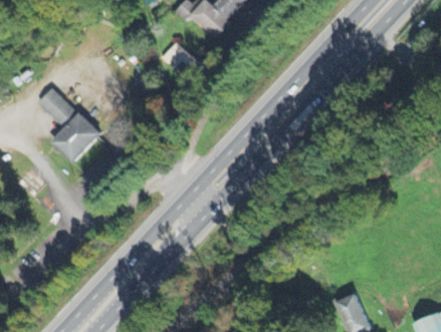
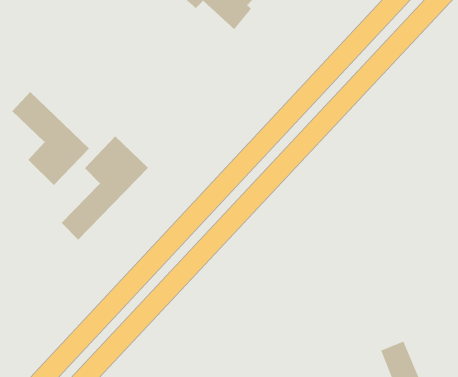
building: [159,41,197,78] -> none
building: none -> [61,135,149,240]

